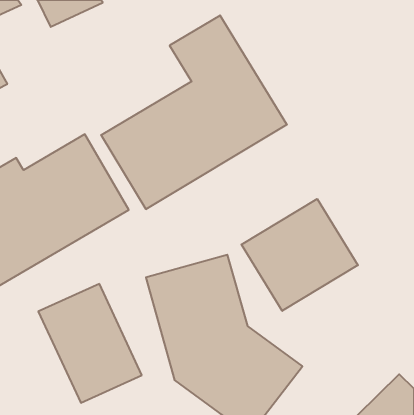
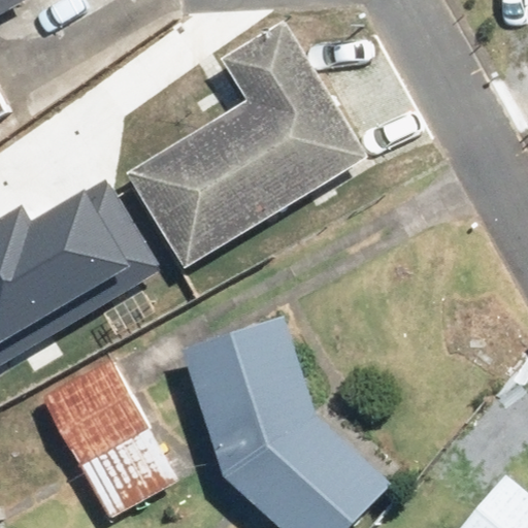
building: [241,199,358,311] -> none

